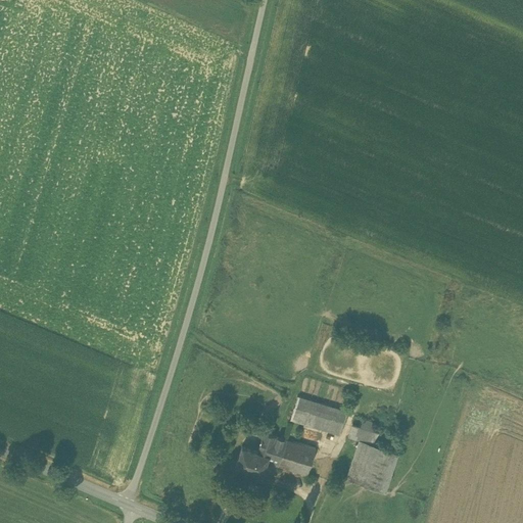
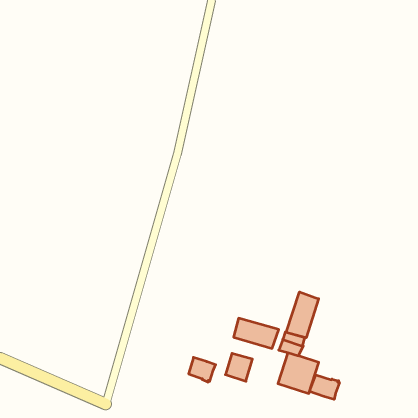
building: none -> [286,292,319,338]
building: [258,433,290,468] -> none
building: none -> [310,375,339,399]

